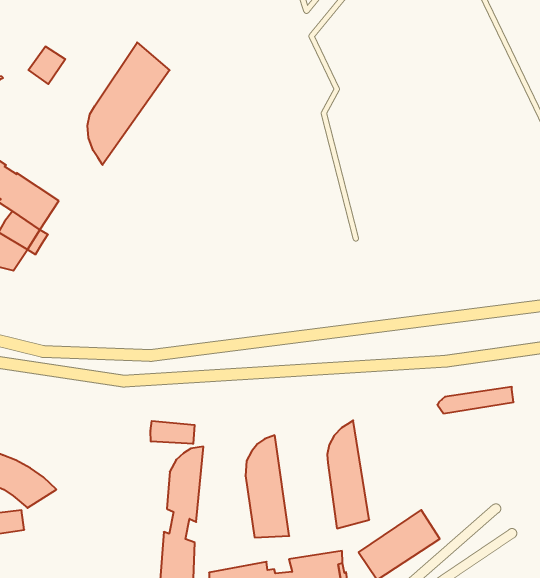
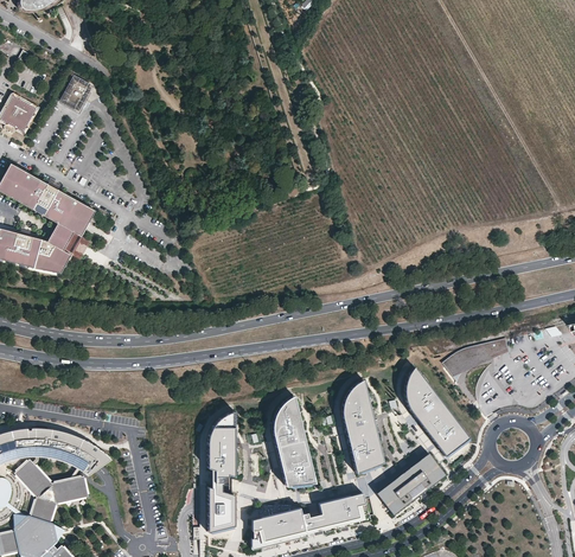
building: [87,42,170,165] -> none
building: none -> [408,369,469,455]
building: [151,421,195,444] -> none

